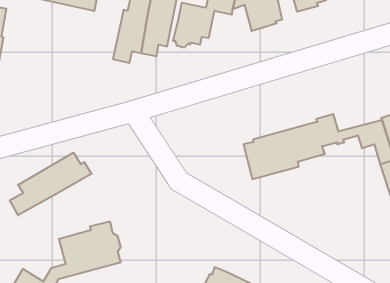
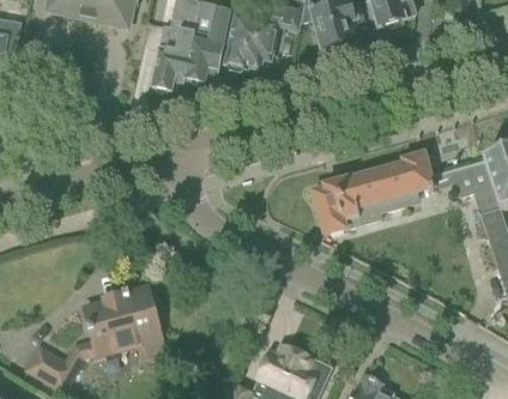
building: [10,153,92,215] -> none

